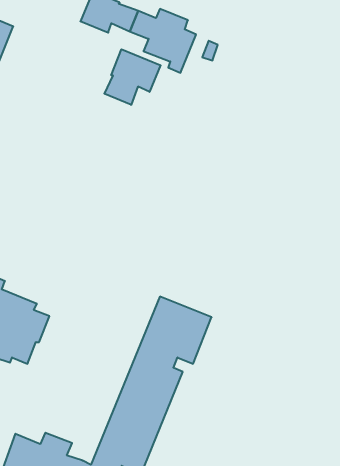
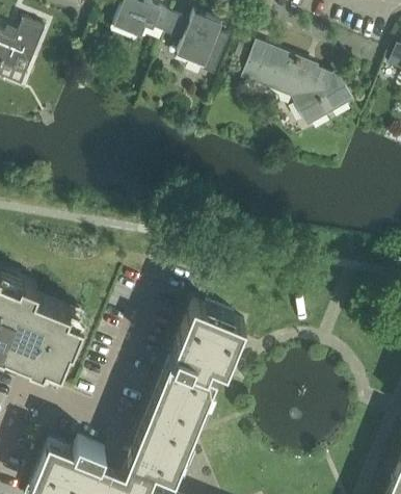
building: none -> [245,48,351,125]
building: [104,49,161,105] -> none

